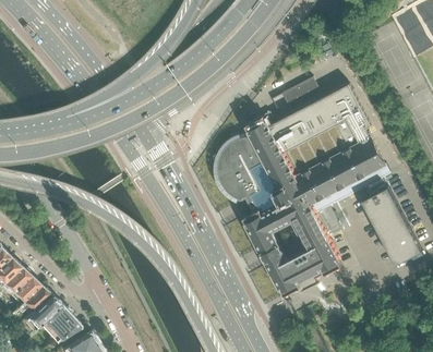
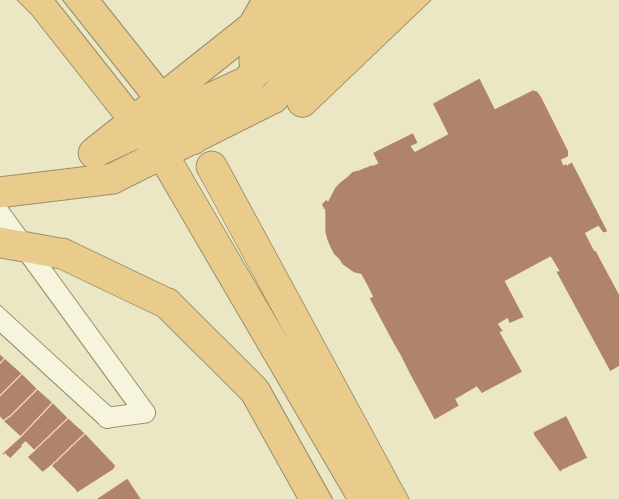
building: none -> [533,415,588,472]

